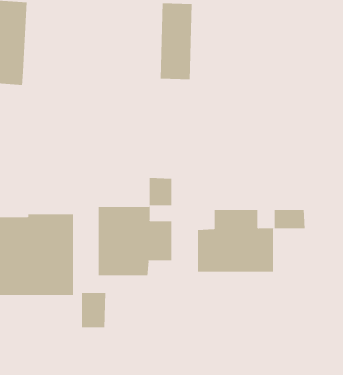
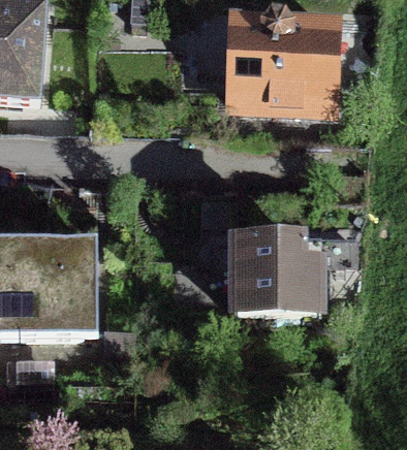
building: none -> [233,12,335,102]
building: [98,177,172,276] -> none

